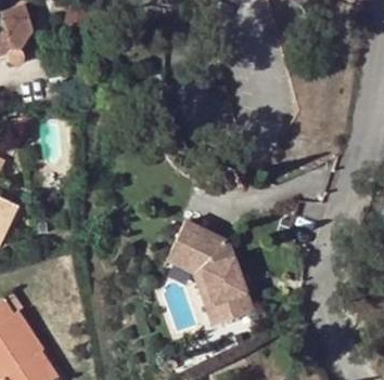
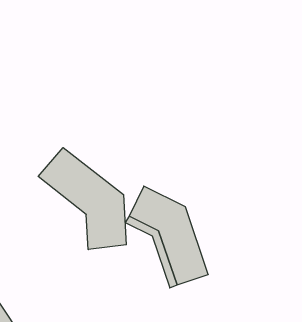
building: none -> [38,148,126,250]

